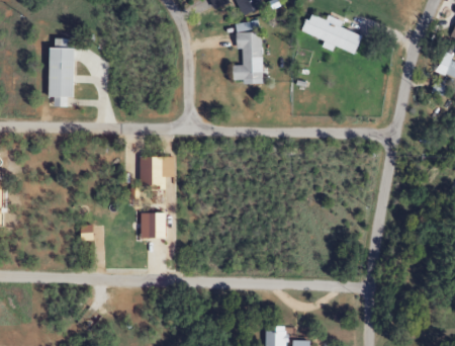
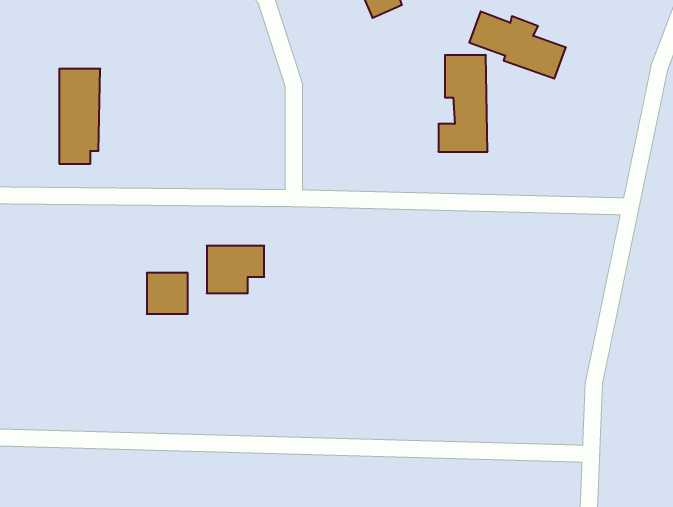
building: [233,22,263,82] -> [438,55,488,152]
building: [142,212,167,238] -> [147,273,188,314]

